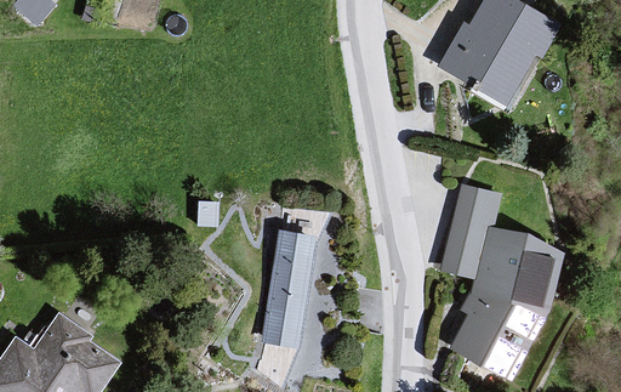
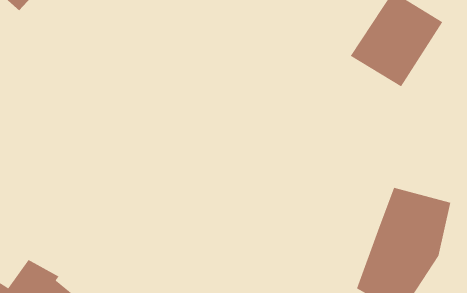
building: [438,187,502,279] -> none
building: [260,227,317,348] -> none

